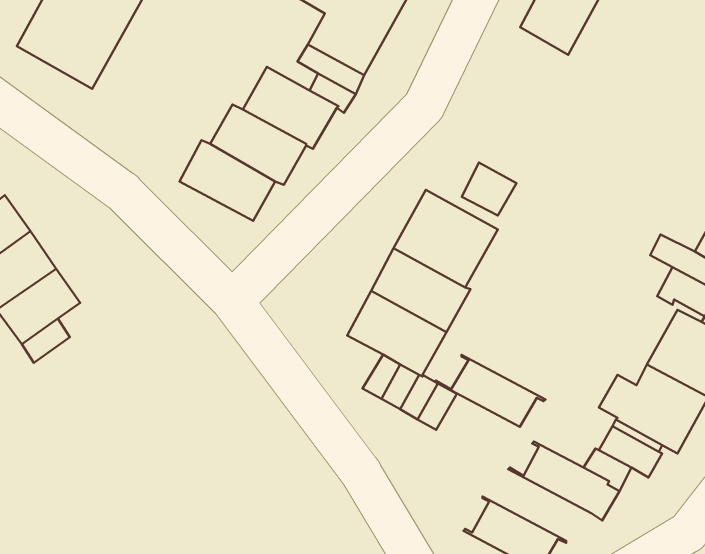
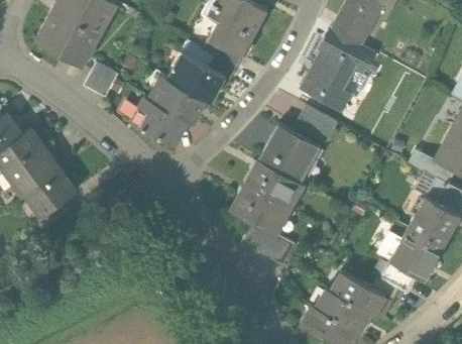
building: none -> [299,27,374,112]
building: none -> [86,61,118,94]
building: [436,355,545,427] -> [311,289,375,331]

